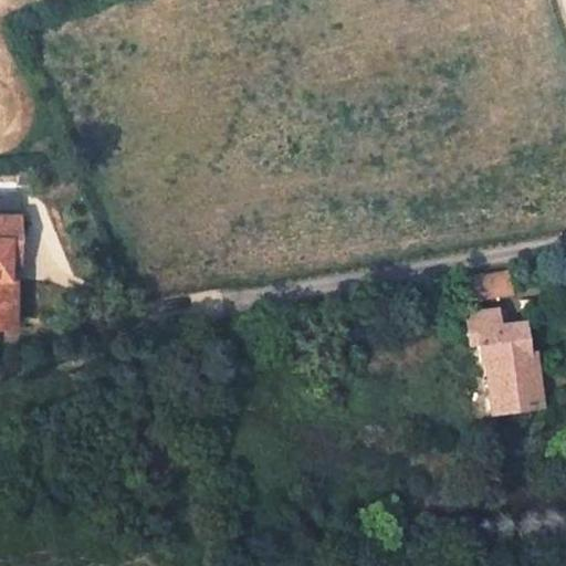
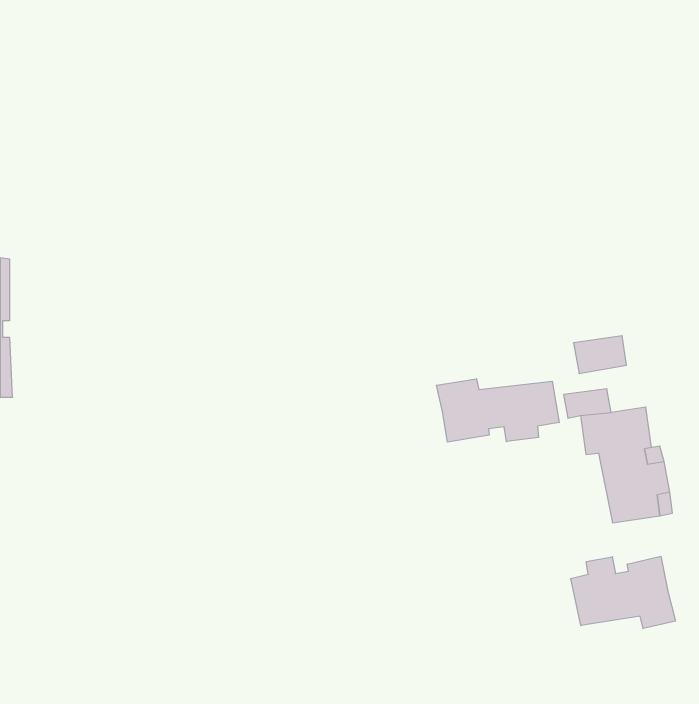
building: none -> [436,379,559,442]
building: none -> [571,556,676,629]

